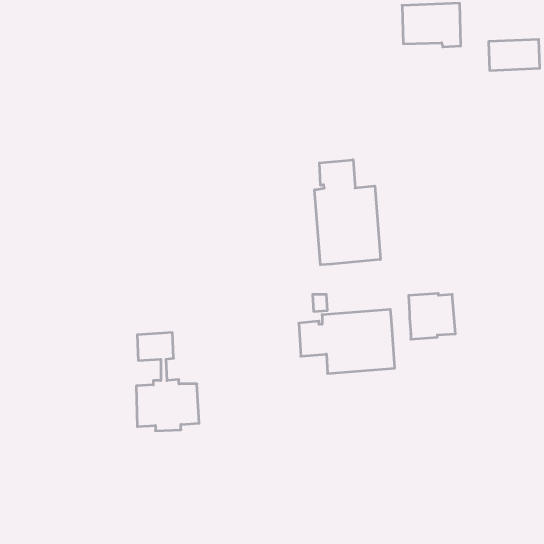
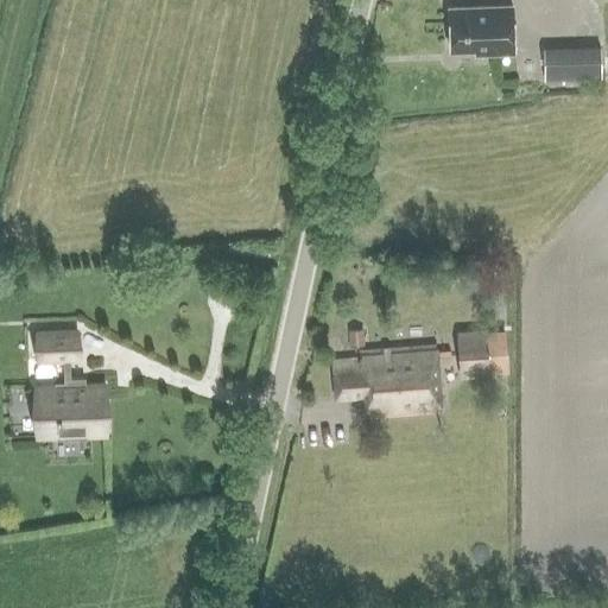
building: [315,160,380,265] -> none
building: [136,333,199,431] -> [37,329,107,438]

